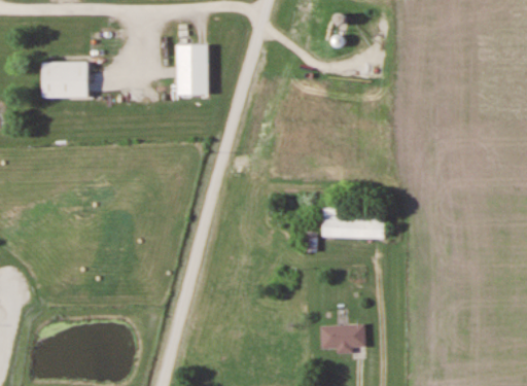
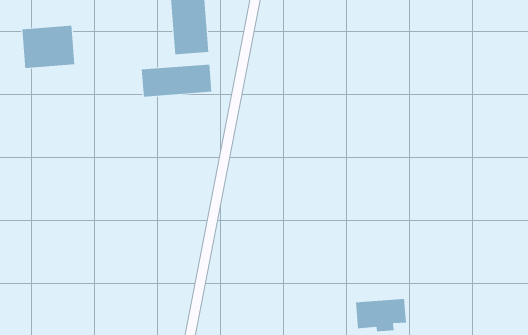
building: none -> [141,64,212,97]
building: [322,210,384,239] -> none

